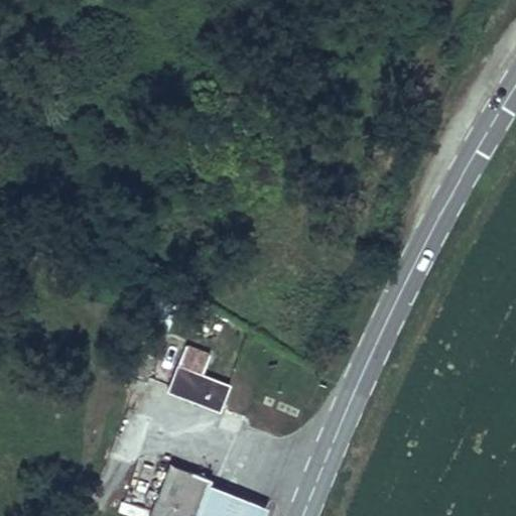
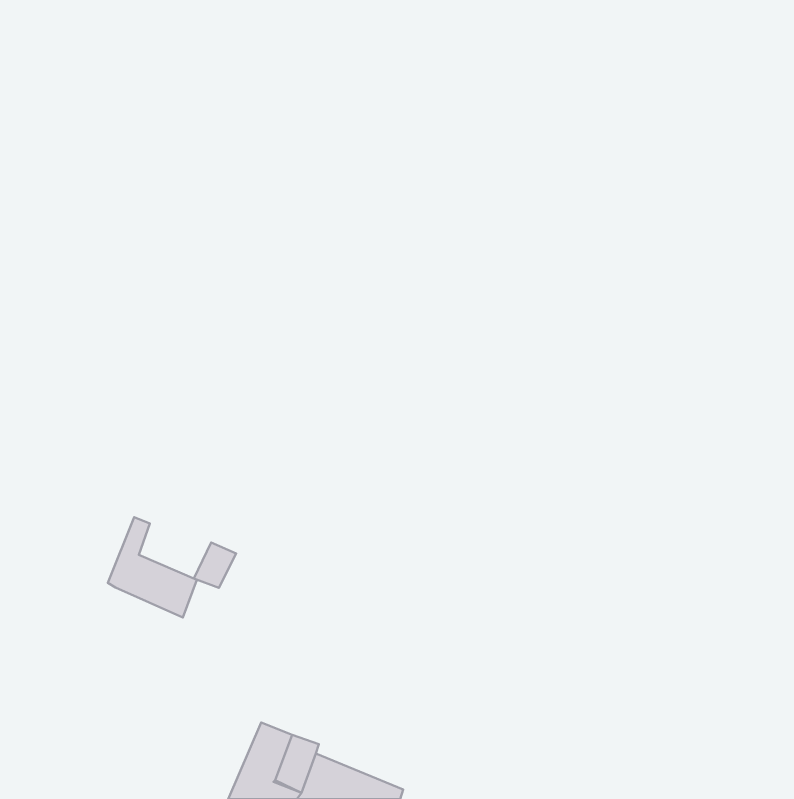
building: [171,347,229,411] -> [108,517,197,617]

